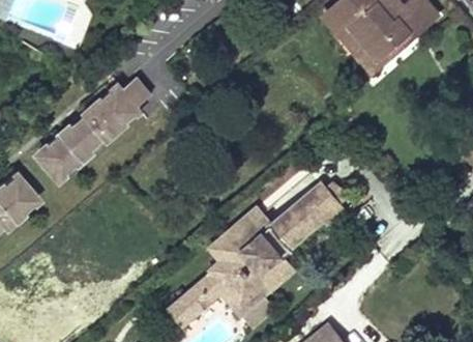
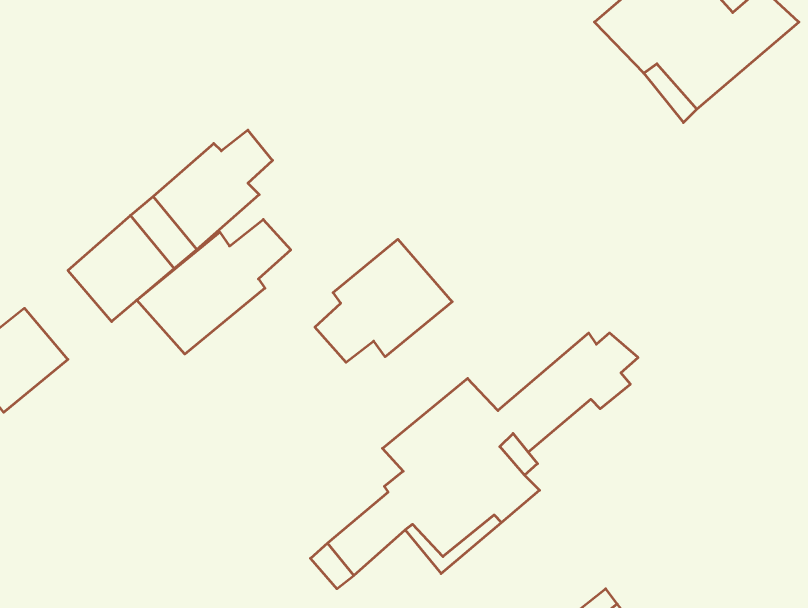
building: none -> [137,219,291,354]
building: none -> [315,239,452,362]

